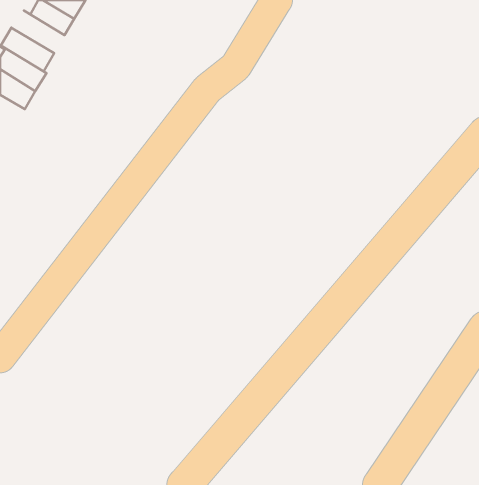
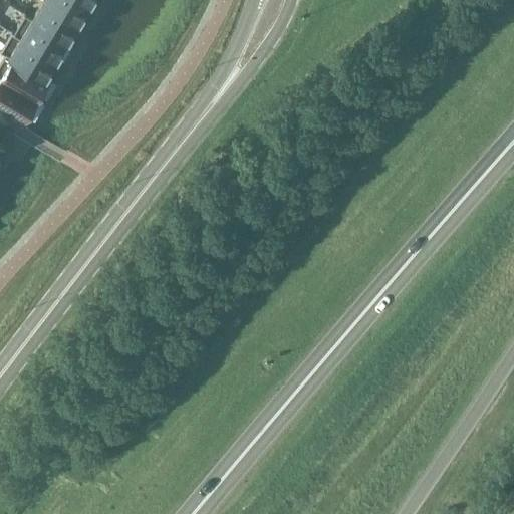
building: none -> [20,11,75,56]

